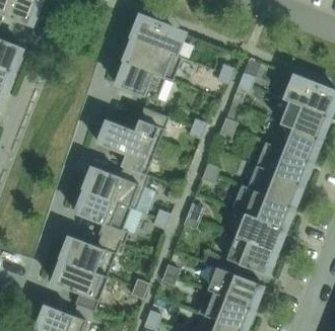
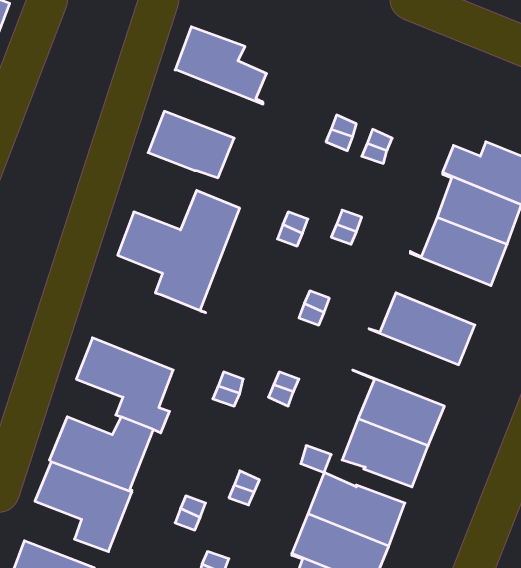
building: [124,39,182,81] -> none
building: [257,143,311,183] -> none
building: [84,166,149,211] -> none
building: [232,185,292,229] -> none

